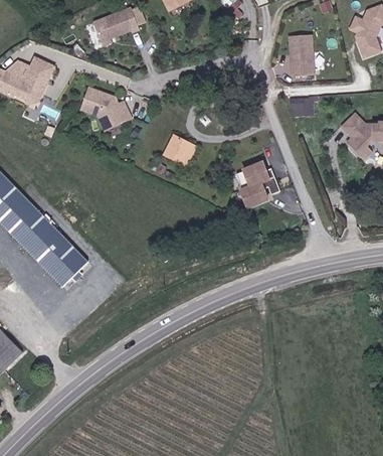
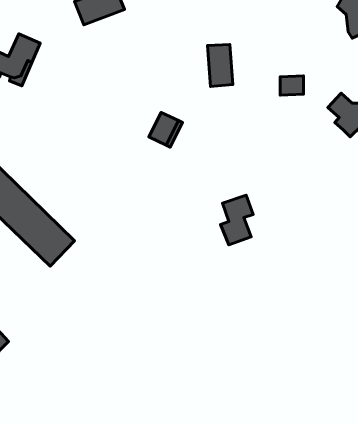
building: [289,34,314,75] -> [207,45,233,86]
building: [78,89,129,131] -> none
building: [238,159,270,208] -> [221,195,253,245]

